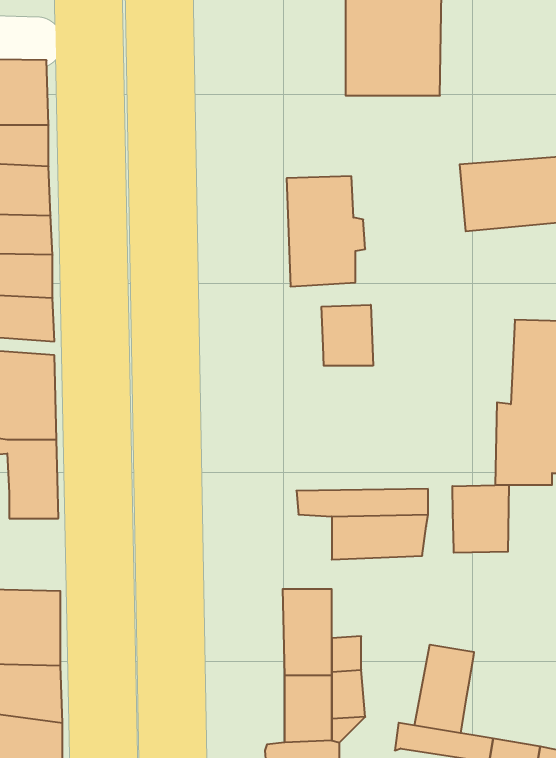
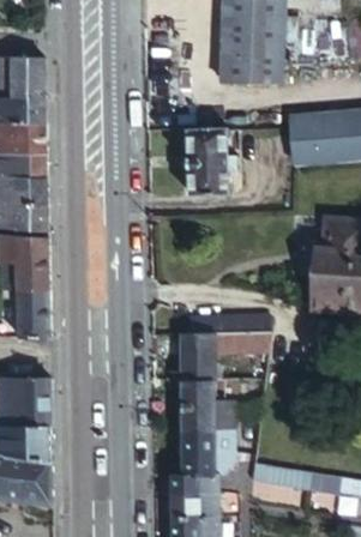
building: [322,305,373,366] -> none
building: [452,485,509,553] -> none
building: none -> [185,334,215,380]
building: [415,645,474,733] -> none

